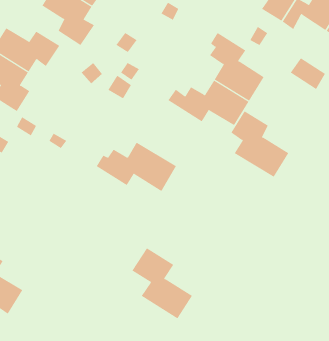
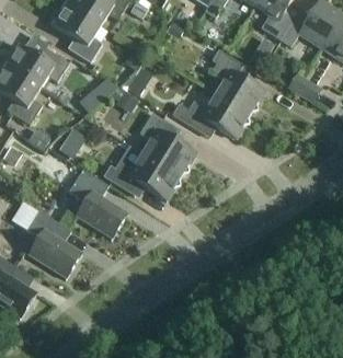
building: [230,110,289,177] -> [139,112,195,175]
building: none -> [26,209,82,276]
building: [132,247,193,319] -> [69,168,127,235]

